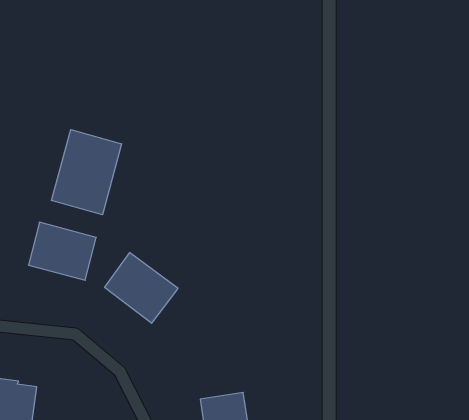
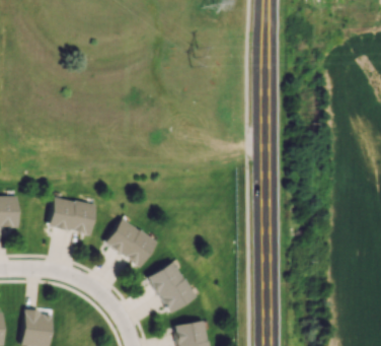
building: [52,130,122,215] -> none
building: none -> [146,258,197,313]

